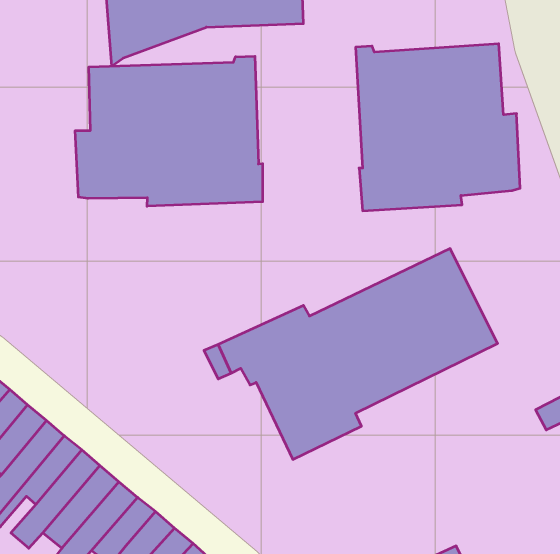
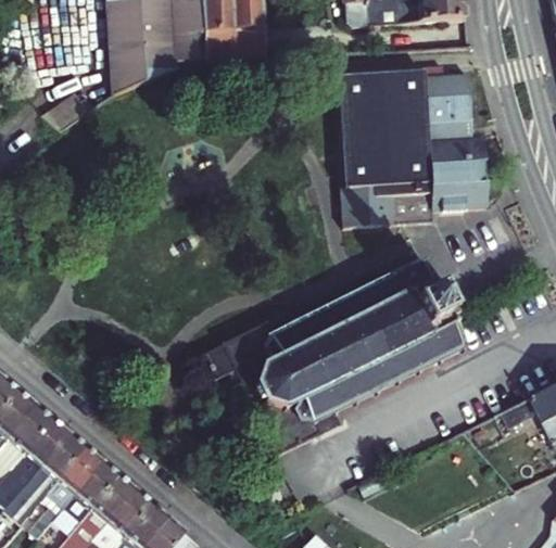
building: [75,56,263,206] -> none

